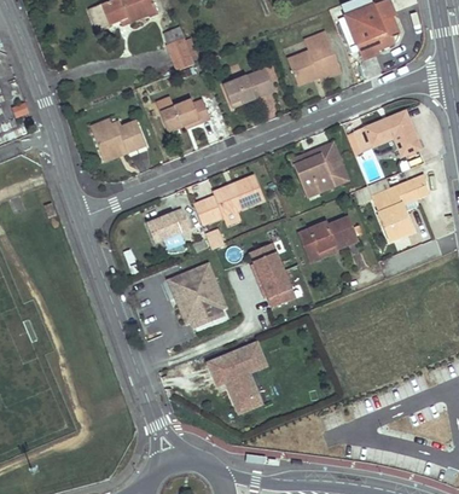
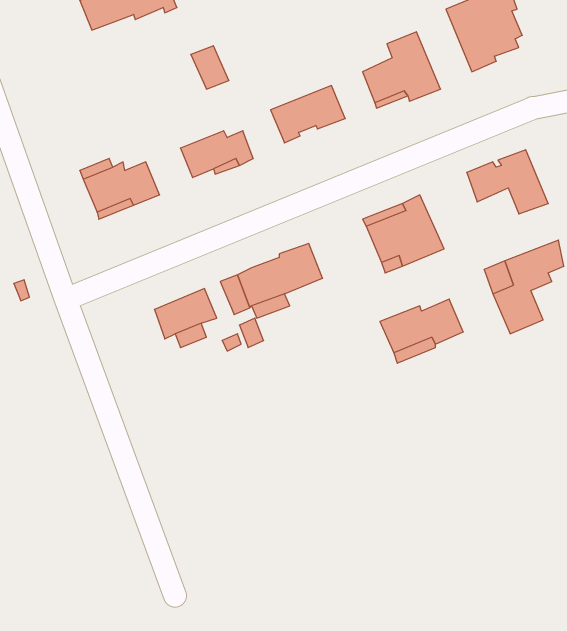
building: [249,242,294,308] -> none
building: [165,263,222,322] -> none
building: [207,341,267,414] -> none

